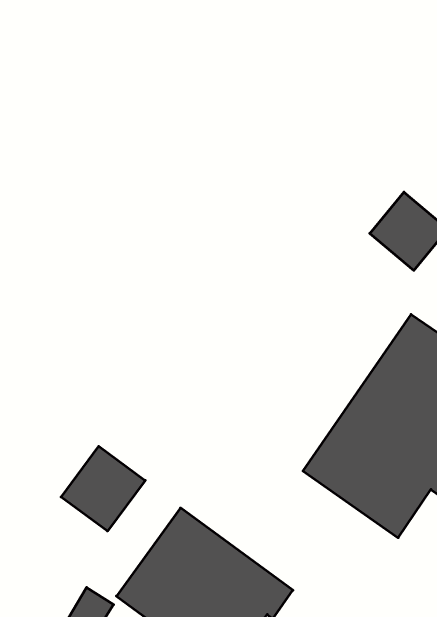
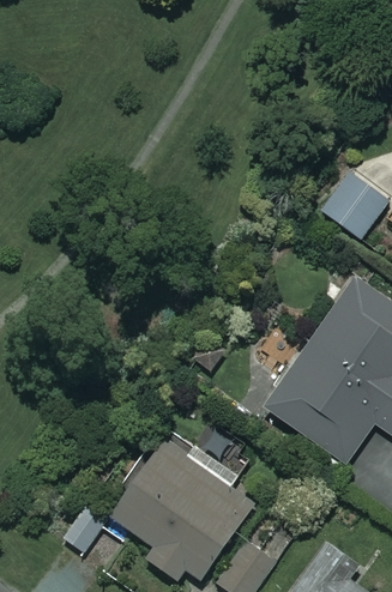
building: [61,446,145,531] -> none

